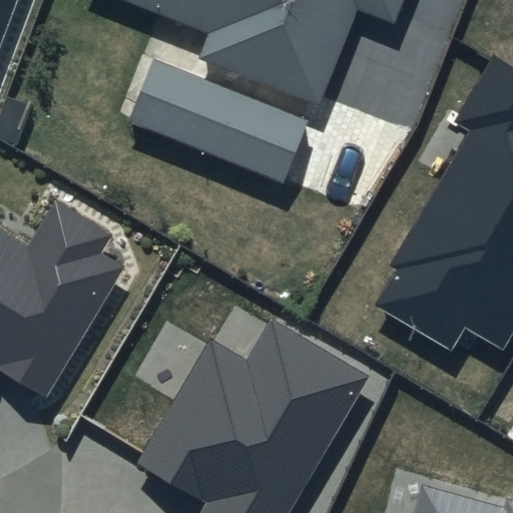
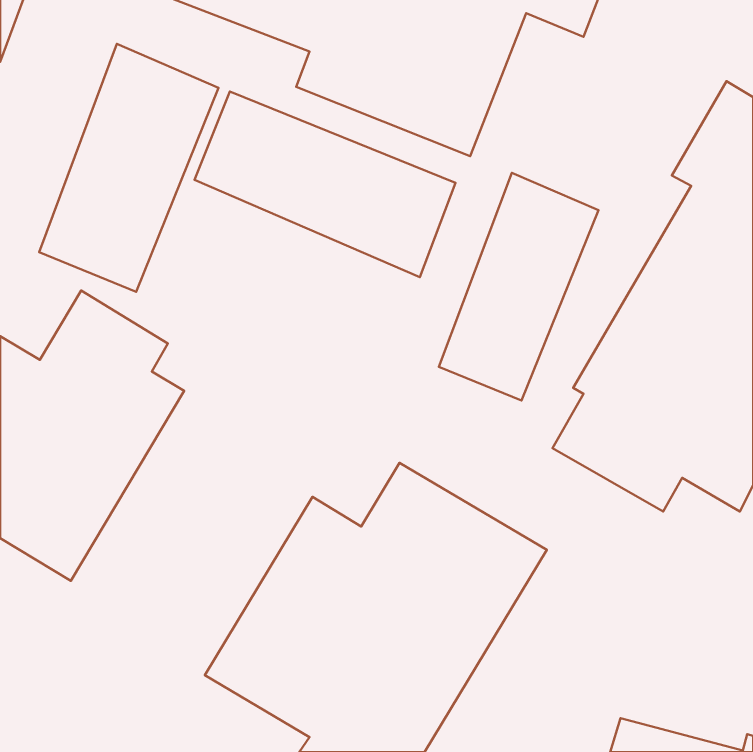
building: none -> [39,44,219,292]
building: none -> [439,173,599,401]

